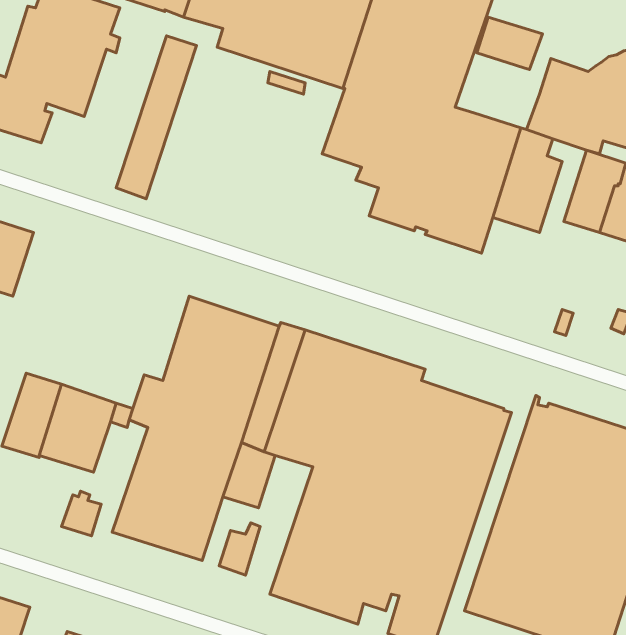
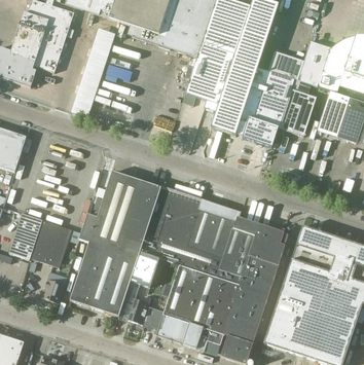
building: [477,17,543,70] -> [268,50,304,79]

